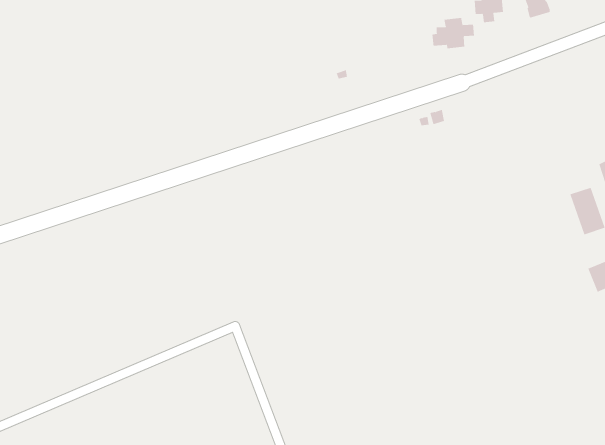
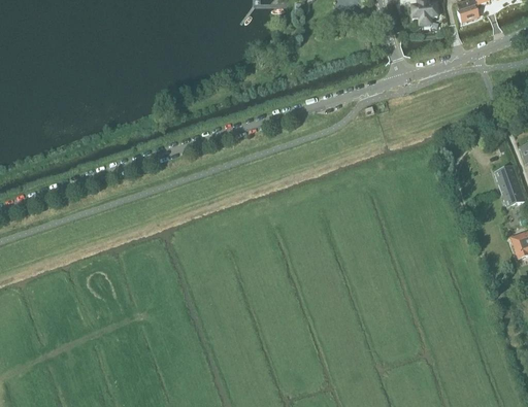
building: [432,17,475,49] -> none

